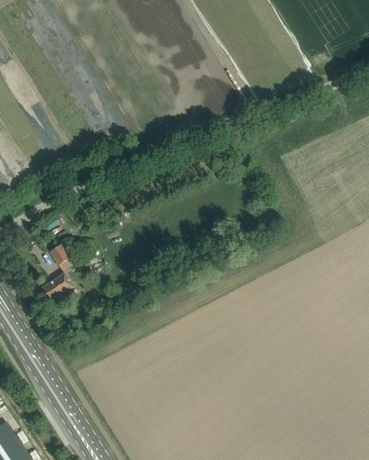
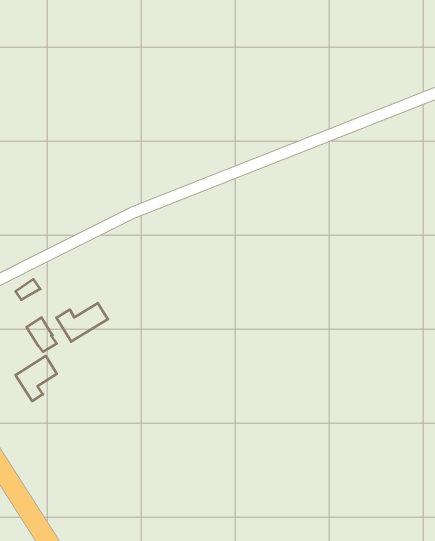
building: none -> [56,303,108,342]

